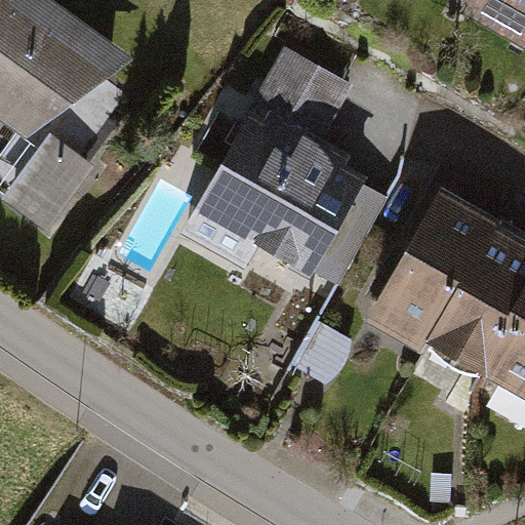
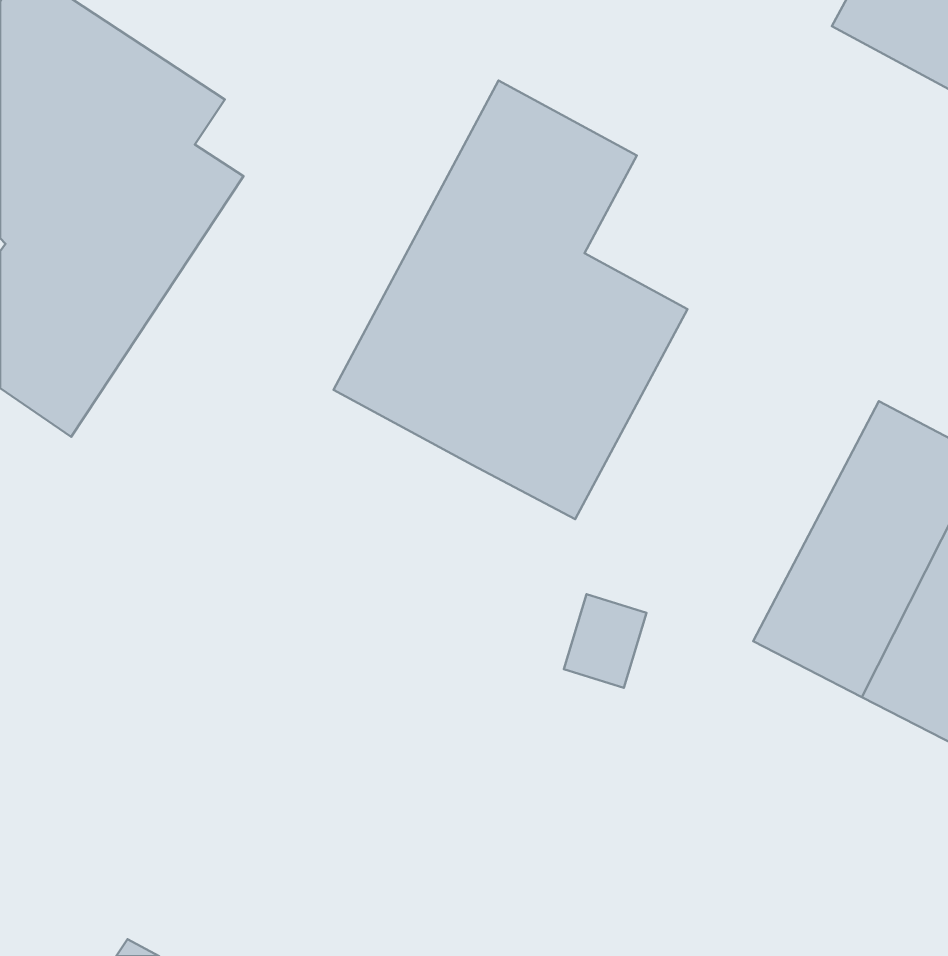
building: [359,190,486,351] -> none

